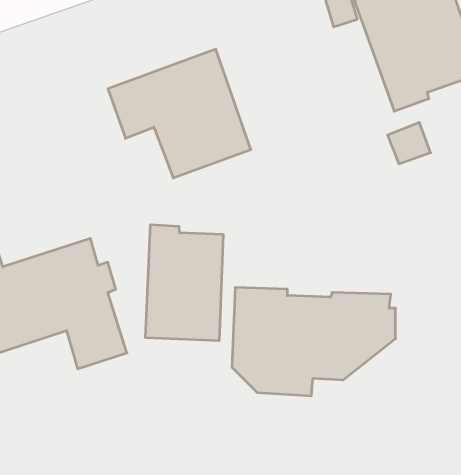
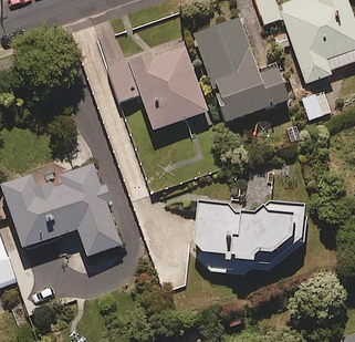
building: none -> [194,17,289,121]
building: [146,225,223,341] -> none

